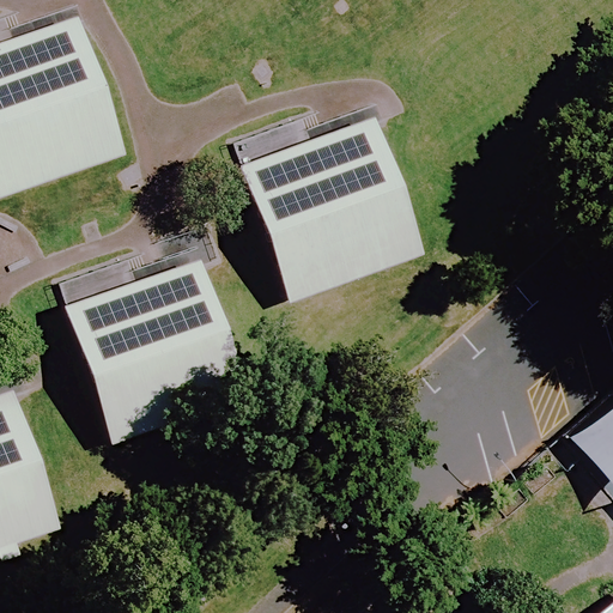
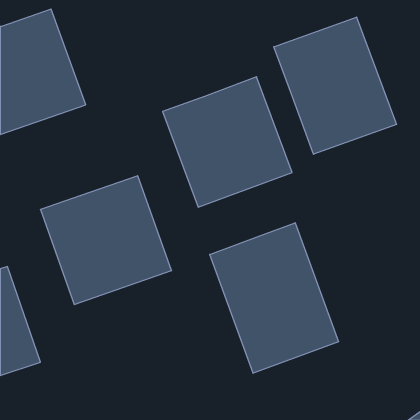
building: none -> [274,17,396,154]
building: none -> [210,223,338,373]

